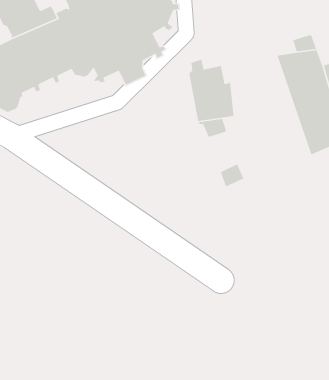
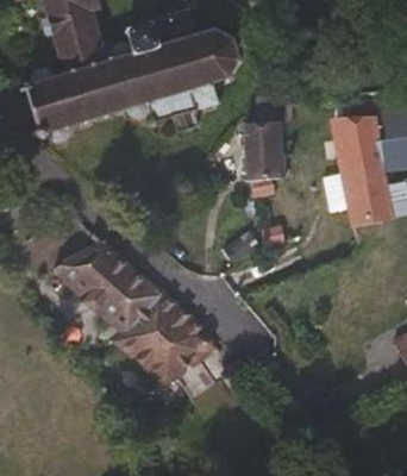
building: none -> [52,240,212,388]

